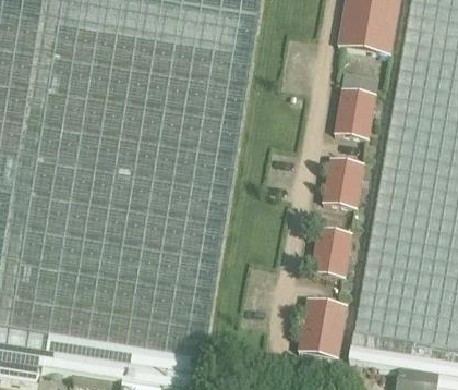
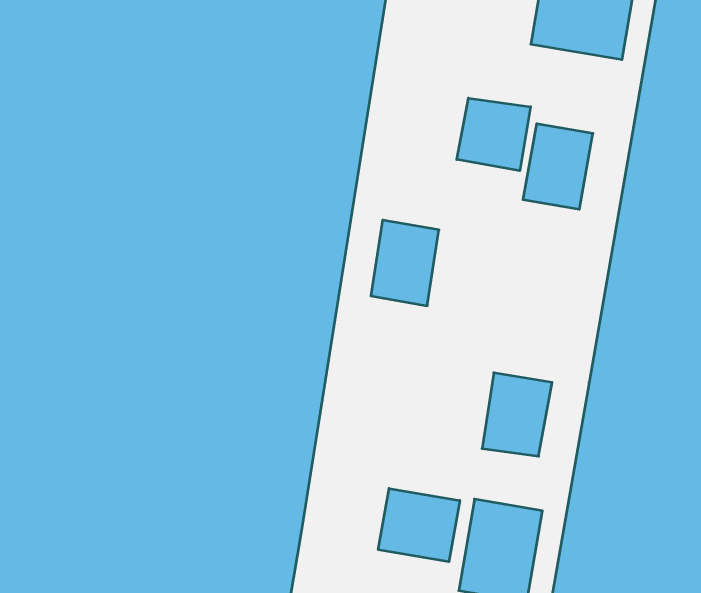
building: none -> [457,98,531,171]
building: [324,157,362,205] -> [371,220,439,306]
building: none -> [378,488,460,562]

